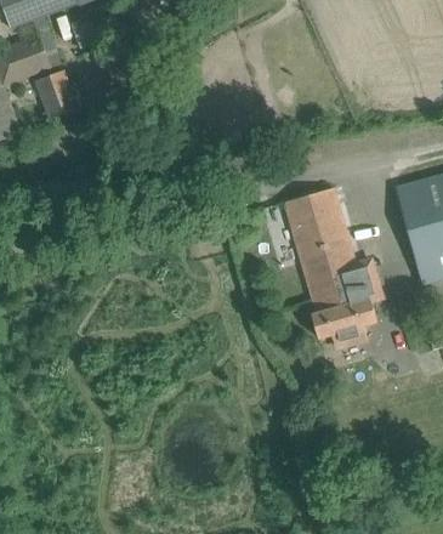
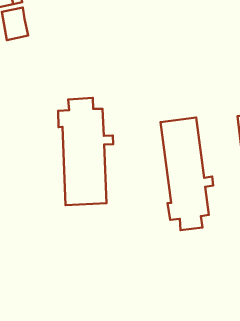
building: none -> [58,98,113,205]

